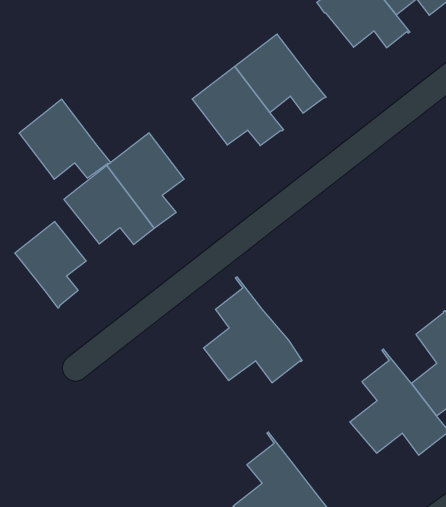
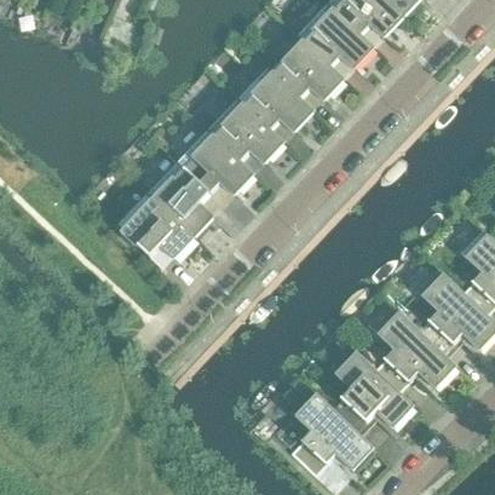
building: none -> [276,42,345,98]
building: [19,99,111,179] -> [178,128,255,194]
building: [15,222,86,308] -> none
building: [203,277,302,383] -> [333,346,414,431]

